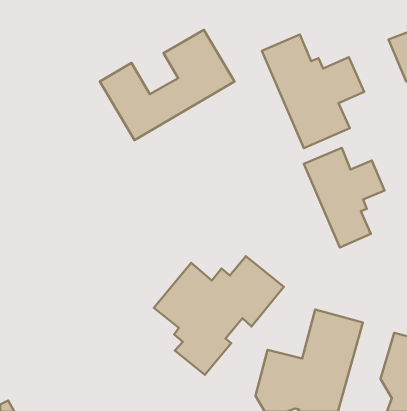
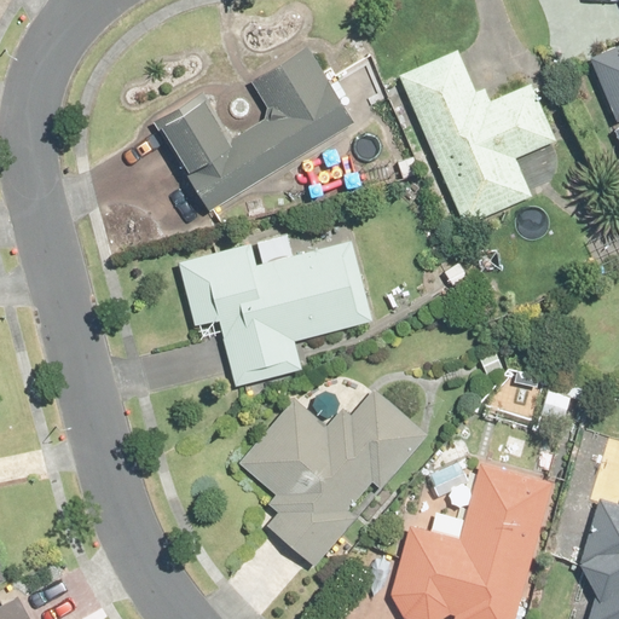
building: [304,148,384,247] -> none
building: none -> [175,239,371,386]

